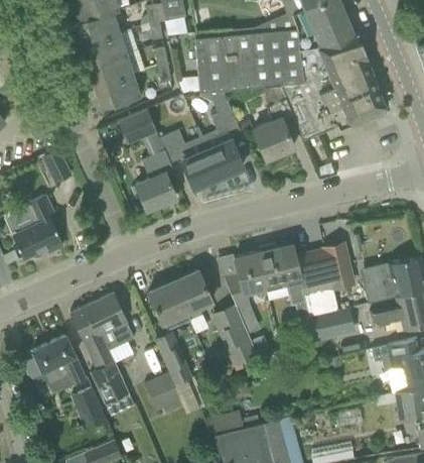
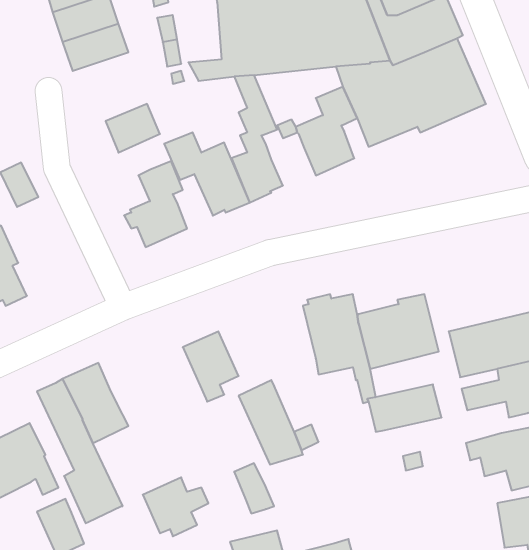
building: [96,74,142,109] -> none
building: [225,252,267,309] -> none
building: [149,281,190,329] -> none
building: [164,348,192,383] -> [234,463,274,513]

